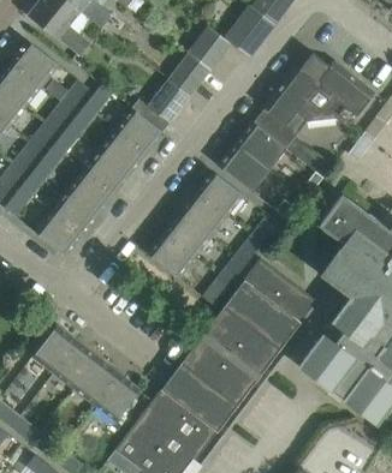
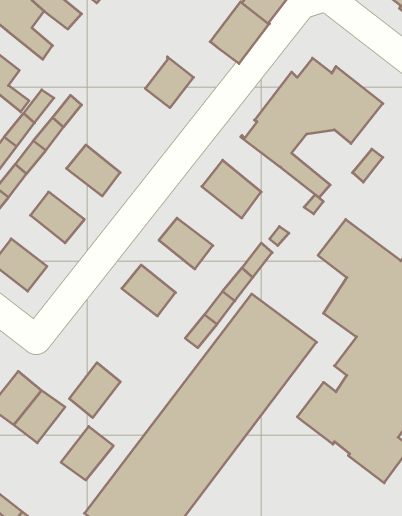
building: [186,26,230,71] -> none
building: [147,80,189,124] -> none
building: [115,109,162,154] -> none
building: [234,122,285,170] -> none
building: [83,150,130,194] -> none
building: [195,172,243,217] -> none
building: [51,191,97,235] -> none
building: [164,212,210,258] -> none
building: [73,358,118,406] -> [69,363,120,418]

